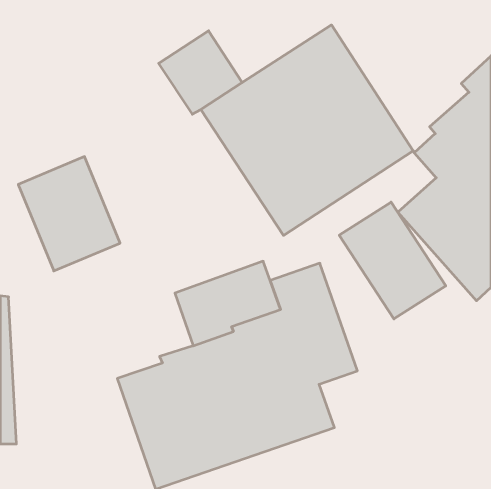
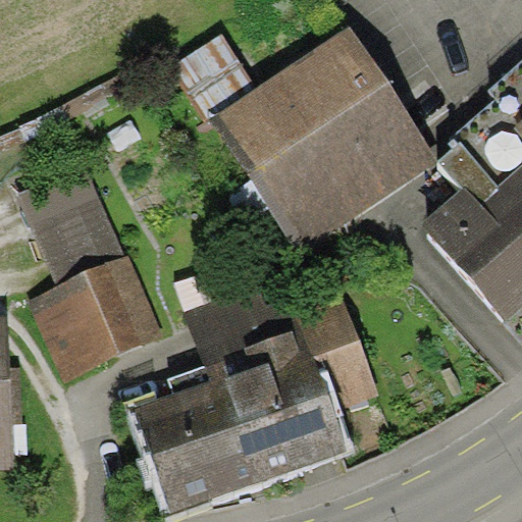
building: [339,202,446,319] -> none
building: none -> [29,260,165,383]

